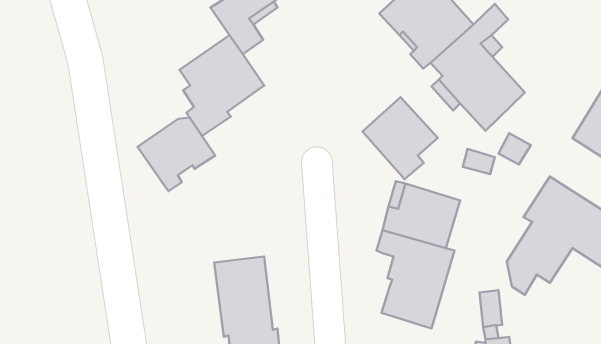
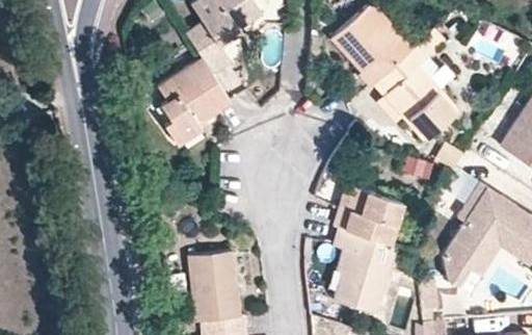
building: [363,97,438,179] -> none
building: [138,117,215,191] -> none

